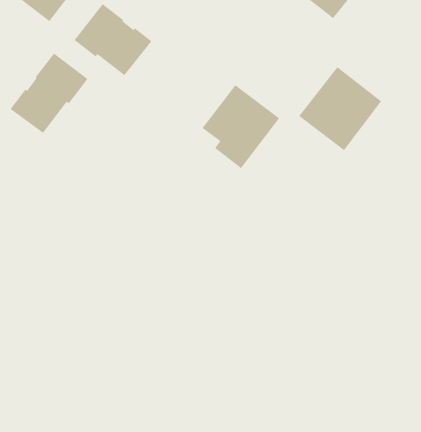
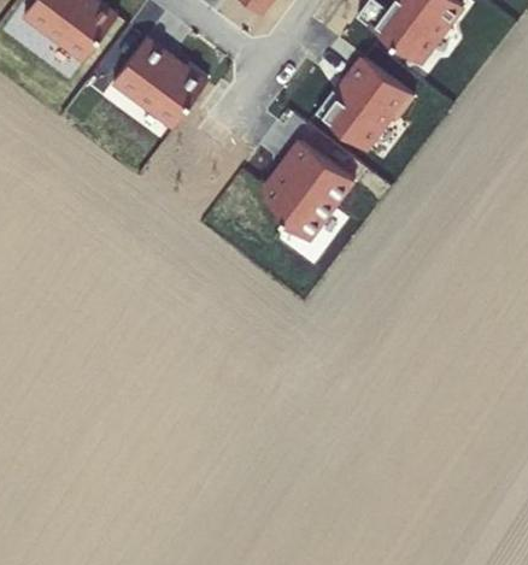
building: [10,52,89,134] -> none
building: [298,66,382,151] -> [315,53,416,155]

